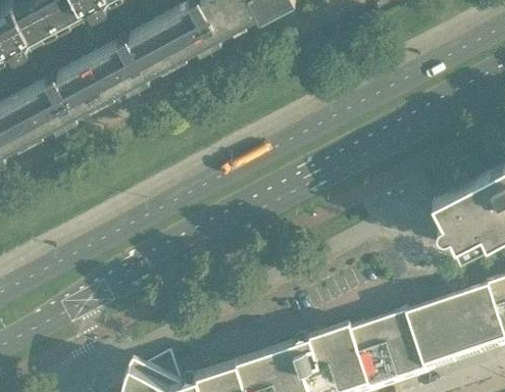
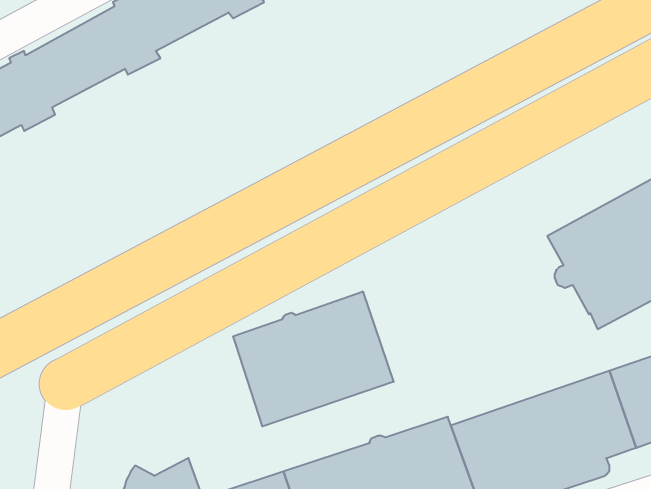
building: none -> [233,291,394,426]

